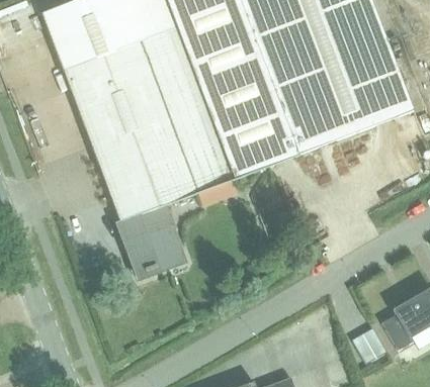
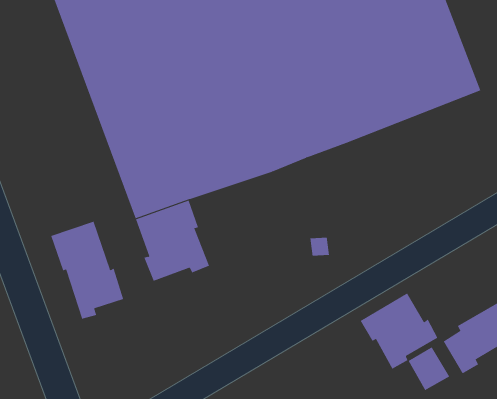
building: none -> [51,221,124,319]
building: none -> [360,292,438,370]

